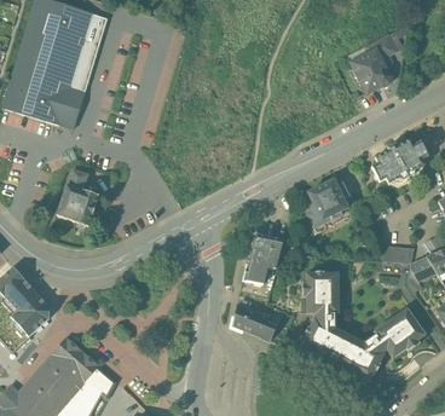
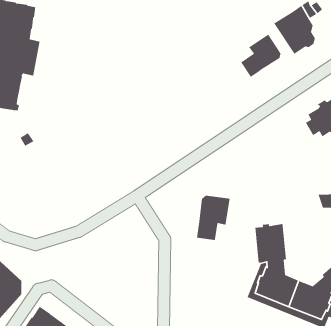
building: none -> [240,33,281,78]
building: [56,168,98,225] -> none
building: [306,180,348,225] -> none
building: [232,304,276,341] -> none

